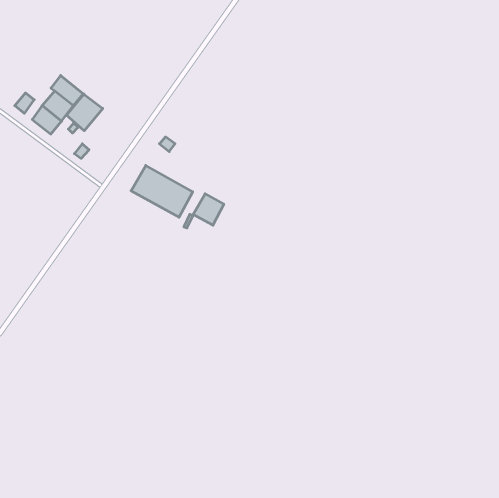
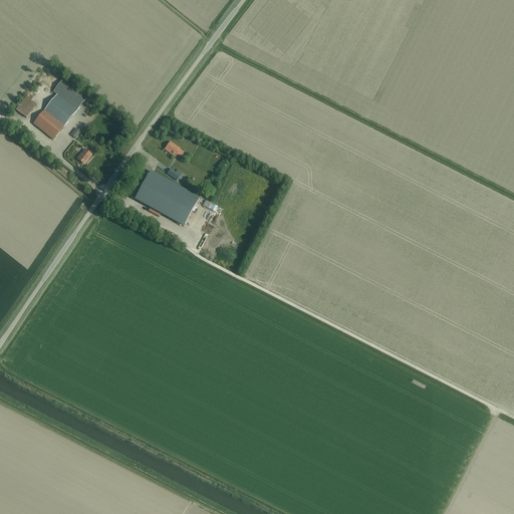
building: [66,94,103,131] -> none
building: [193,194,224,225] -> none

